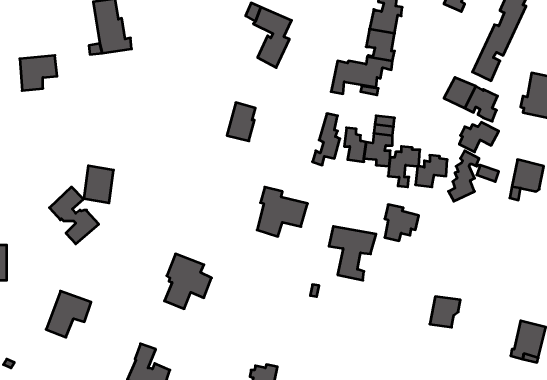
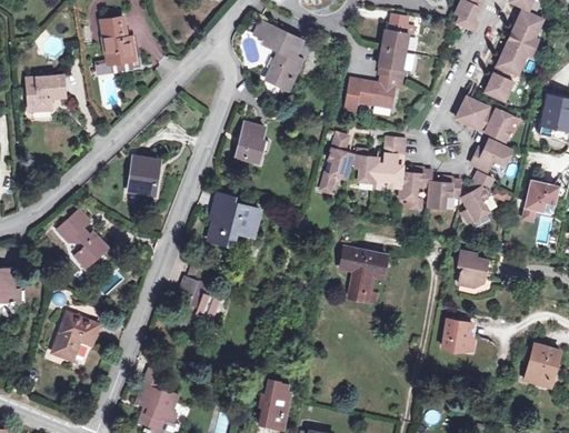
building: [84,166,114,203] -> [128,157,158,194]
building: [257,187,308,236] -> [208,194,259,244]
building: [385,205,419,241] -> [457,251,491,288]

